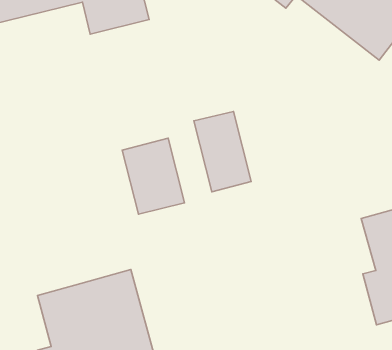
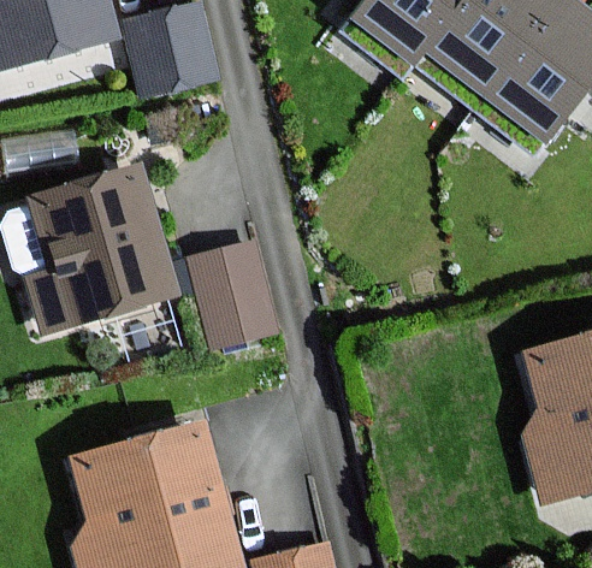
building: none -> [24,166,176,336]
building: [194,111,251,192] -> none

